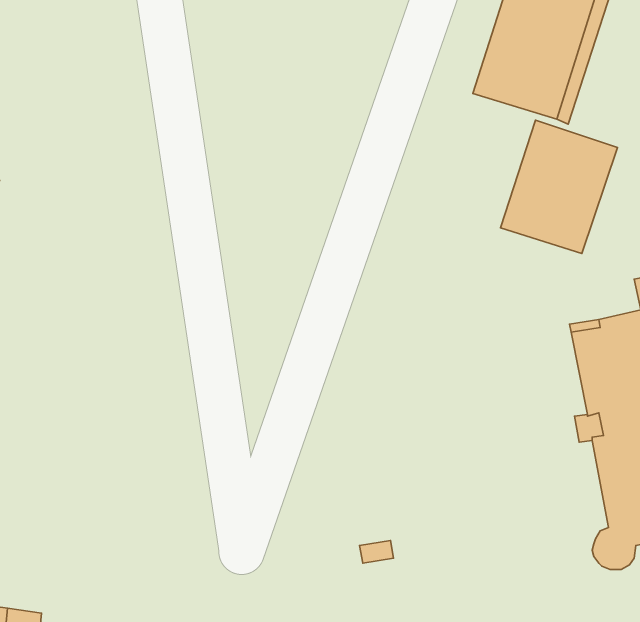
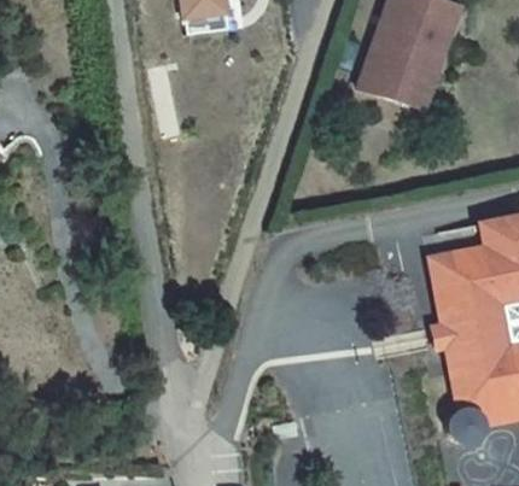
building: [501,120,617,254] -> none

